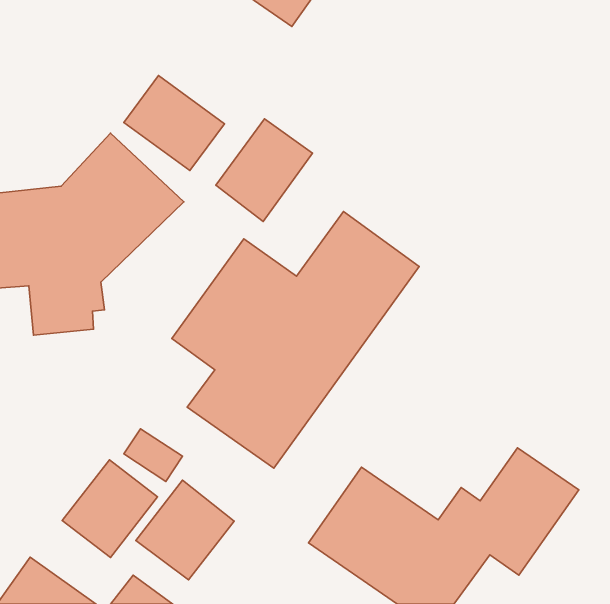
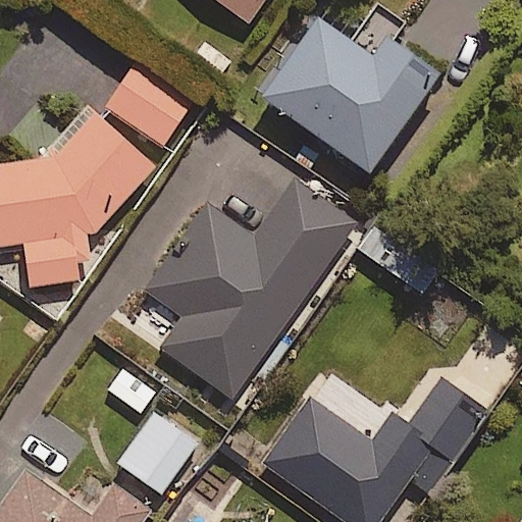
building: none -> [264,5,441,178]
building: [216,119,313,221] -> none
building: [62,460,158,557] -> none

